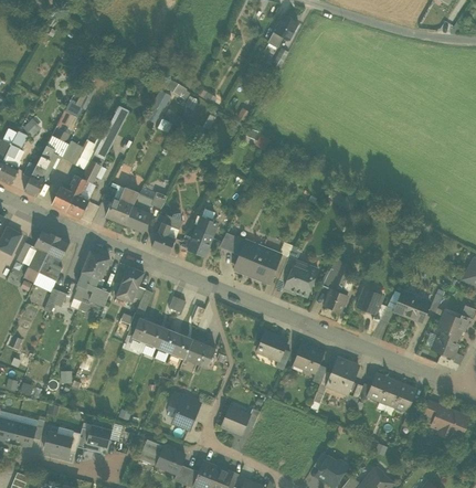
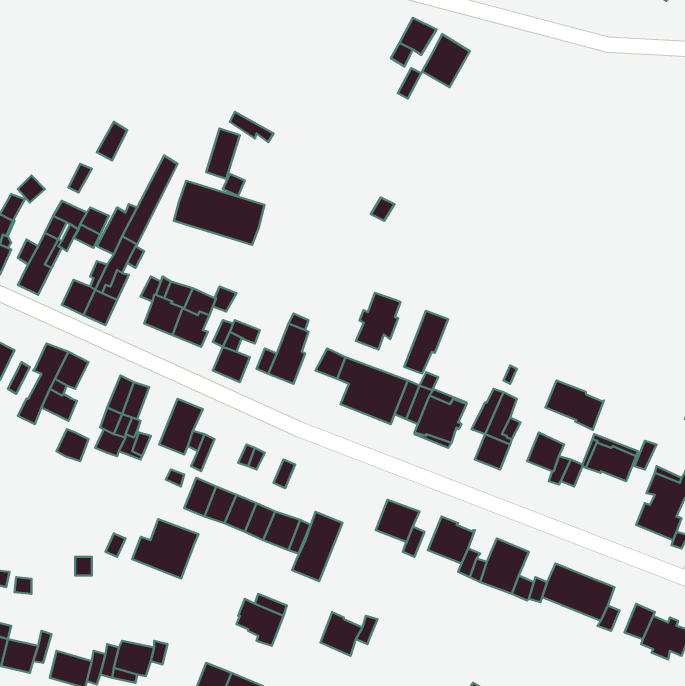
building: none -> [421,34,470,87]
building: none -> [174,181,265,245]
building: none -> [356,293,400,349]
building: none -> [404,311,448,373]
building: none -> [545,380,604,430]
building: none -> [292,512,343,581]
building: none -> [132,519,199,578]

